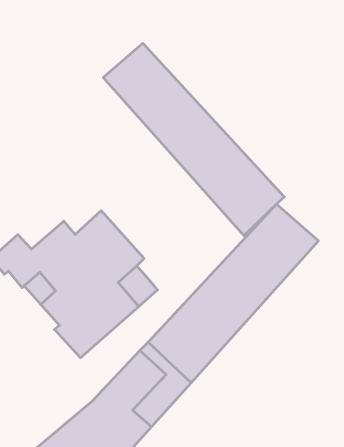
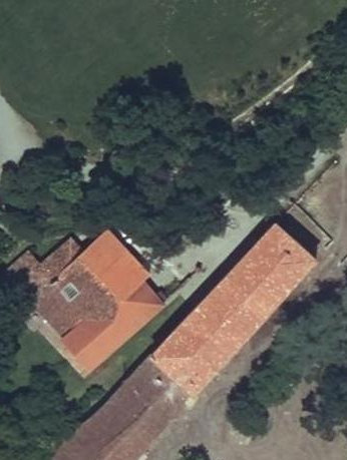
building: [103,43,284,236] -> none

